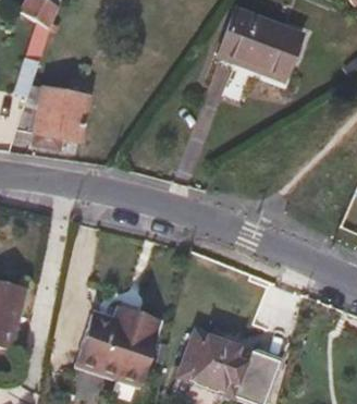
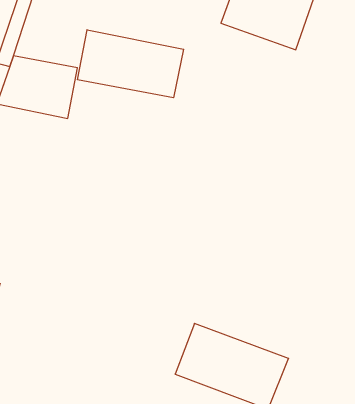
building: none -> [78,30,184,98]
building: [75,306,160,387] -> none

